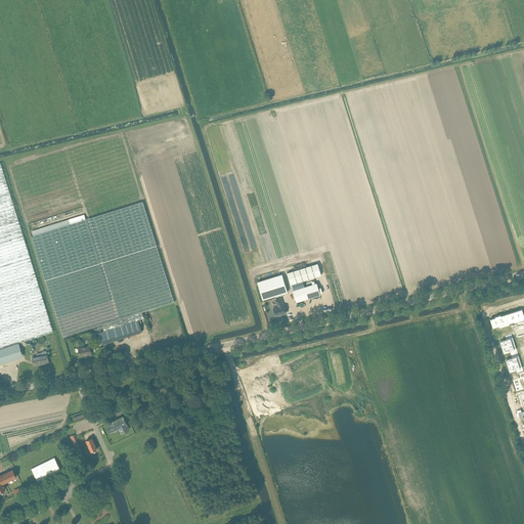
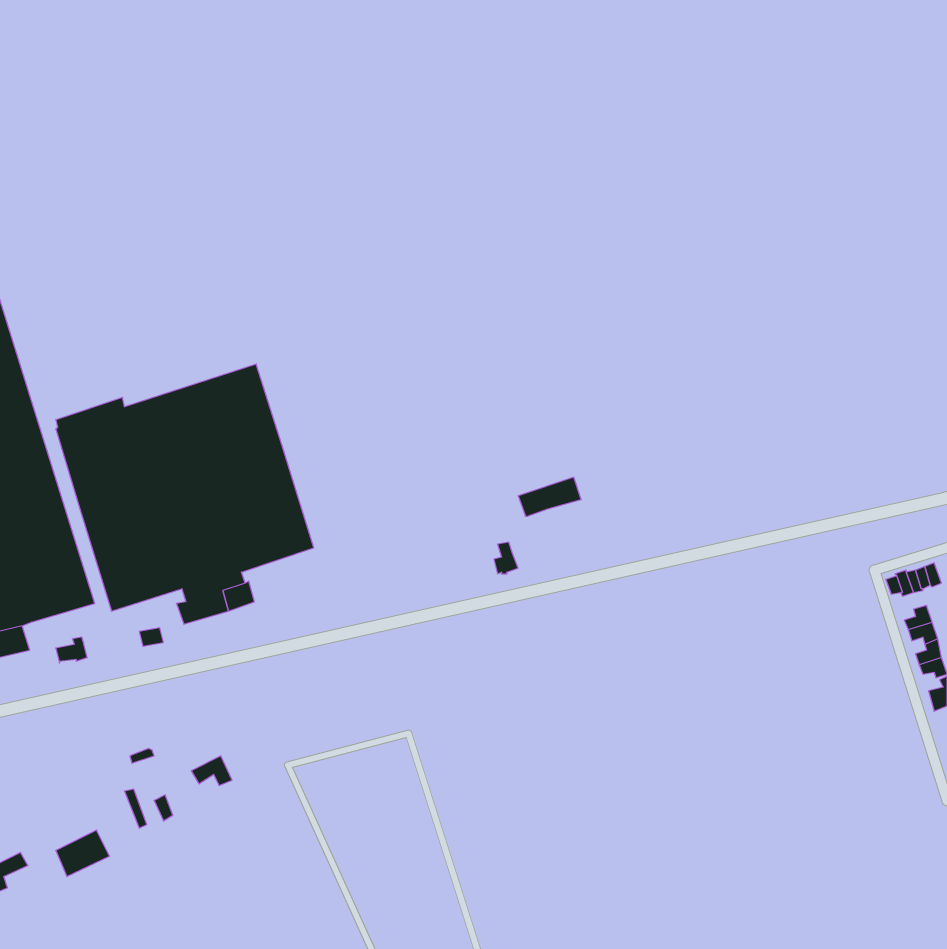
building: [256,274,287,300] -> none
building: [291,280,319,302] -> none

